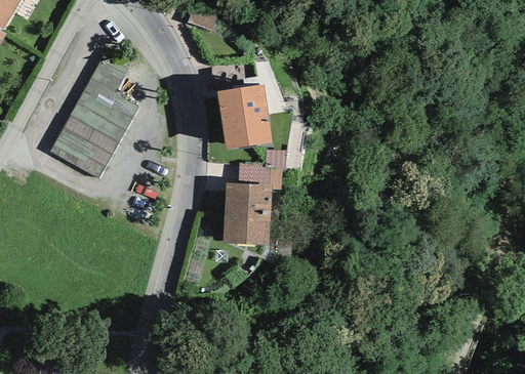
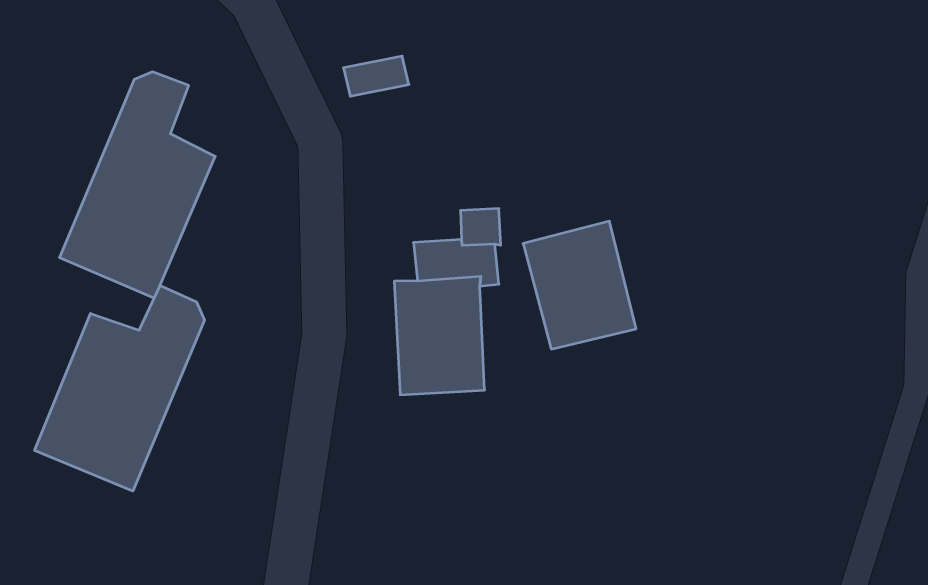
building: [216,84,272,149] -> [523,221,636,349]
building: none -> [35,285,204,491]

